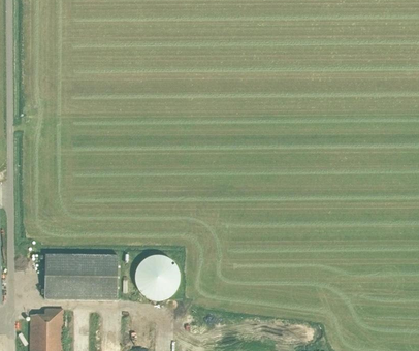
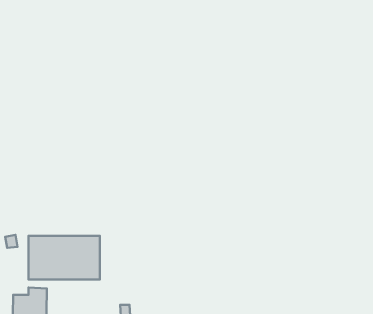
building: [134,254,182,300] -> none

